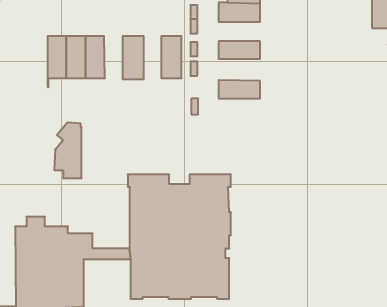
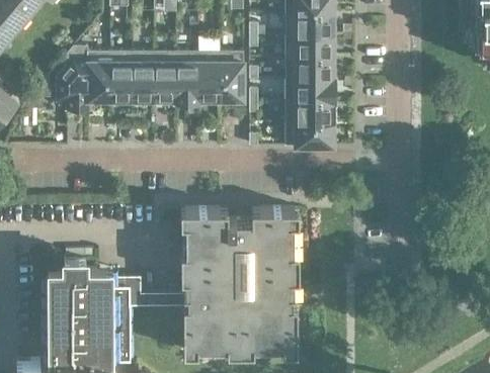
building: none -> [284,36,332,59]
building: none -> [153,53,174,101]
building: none -> [198,53,219,101]
building: none -> [284,79,334,104]
building: none -> [284,124,332,148]
building: [54,123,82,178] -> [57,48,88,111]

